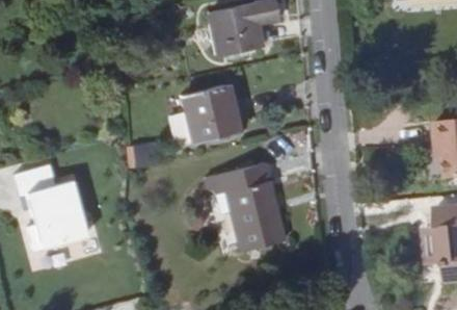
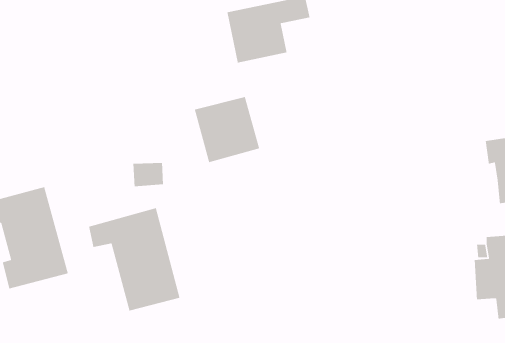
building: [207,163,287,254] -> [88,207,181,311]

